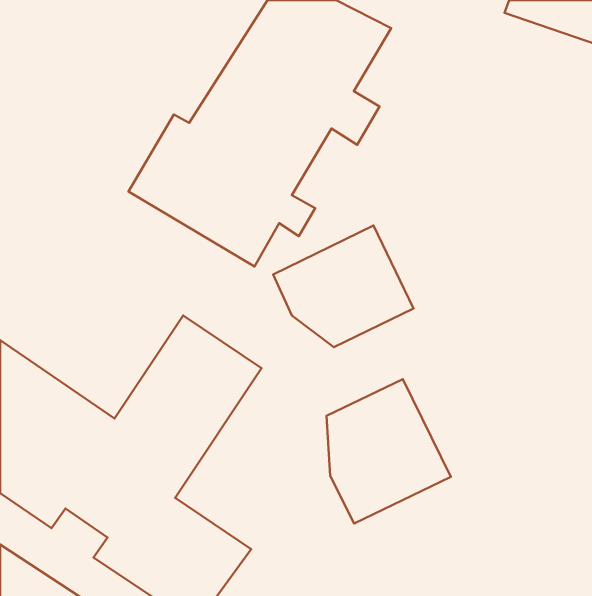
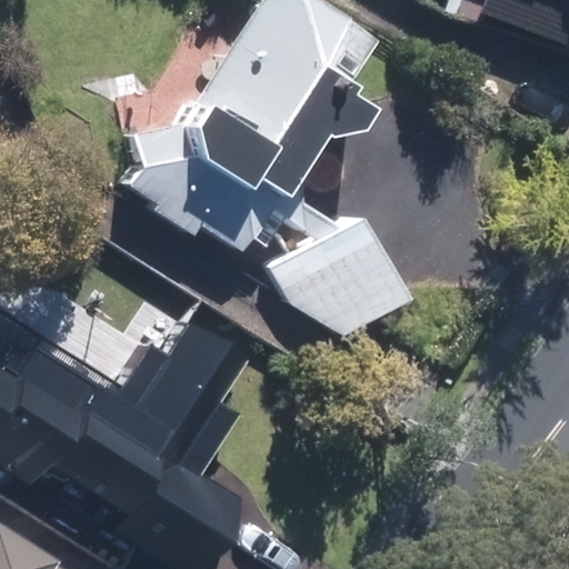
building: [327,379,451,523] -> none

